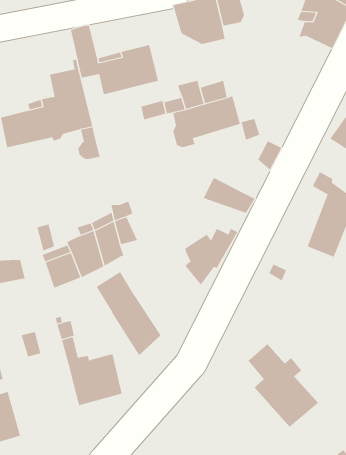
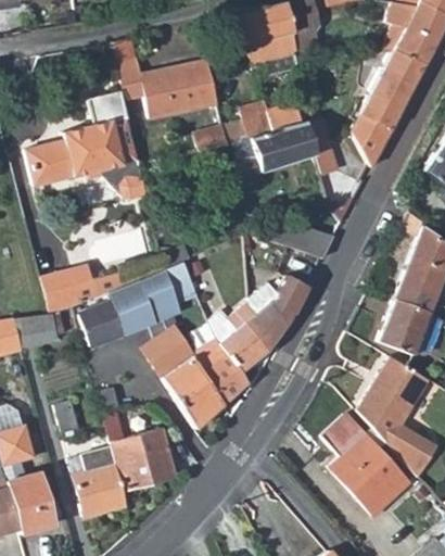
building: none -> [353,50,425,168]
building: none -> [41,277,81,315]
building: none -> [378,300,428,355]
building: none -> [189,303,269,405]
building: none -> [357,357,436,479]
building: none -> [71,446,128,516]

